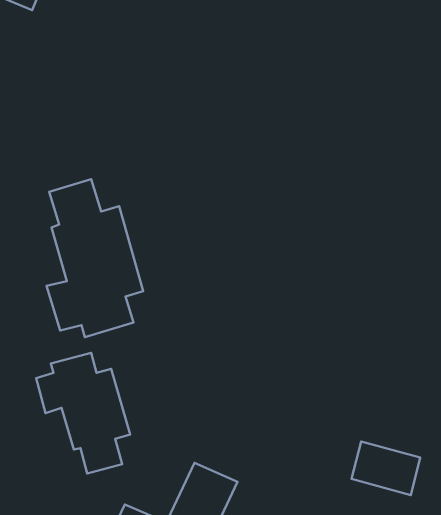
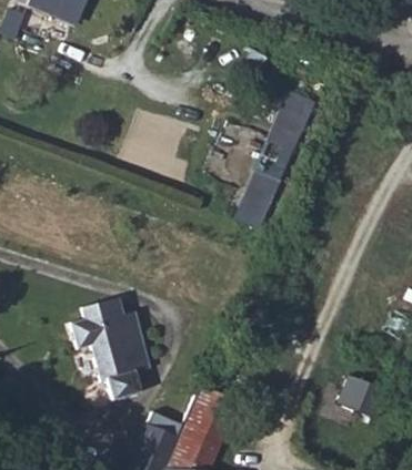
building: none -> [234,90,310,229]
building: [47,179,143,337] -> none

